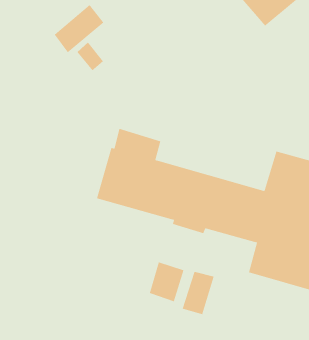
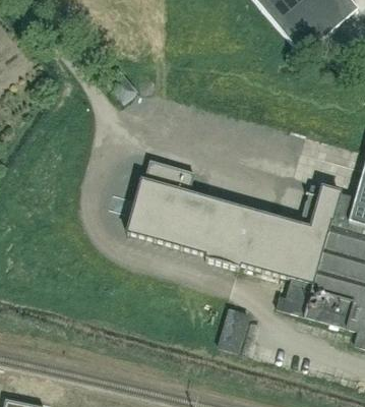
building: [54,4,104,53] -> none
building: [149,262,184,302] -> none

